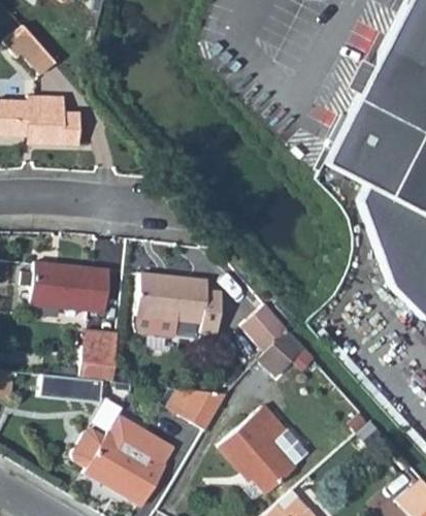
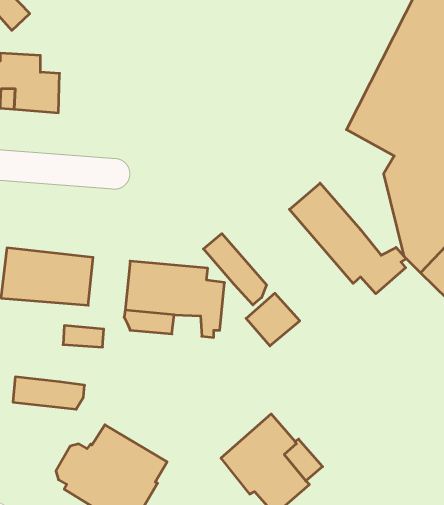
building: none -> [289,183,406,294]
building: none -> [203,234,267,305]
building: [259,325,307,375] -> none
building: [80,346,118,382] -> none
building: [178,389,227,430] -> none

